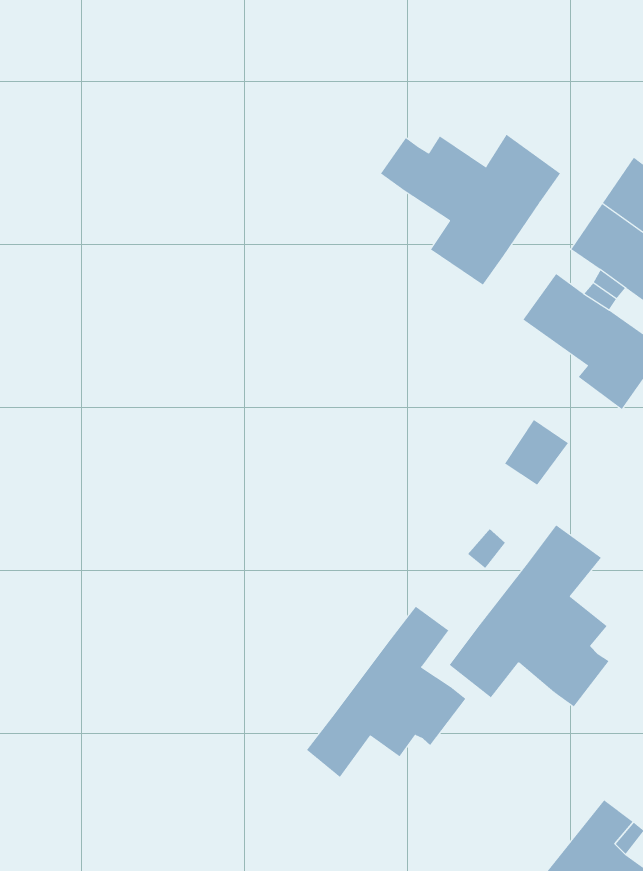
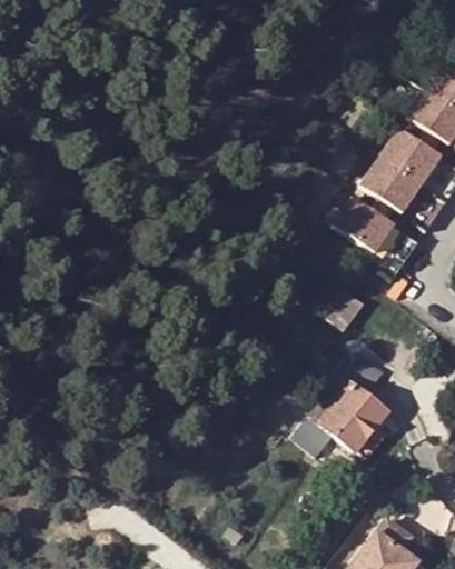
building: [380,134,561,286] -> none
building: [306,606,466,778] -> none

